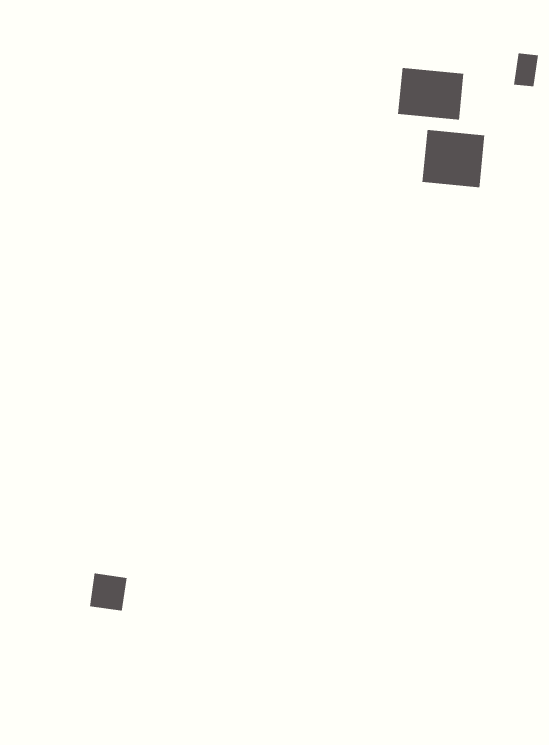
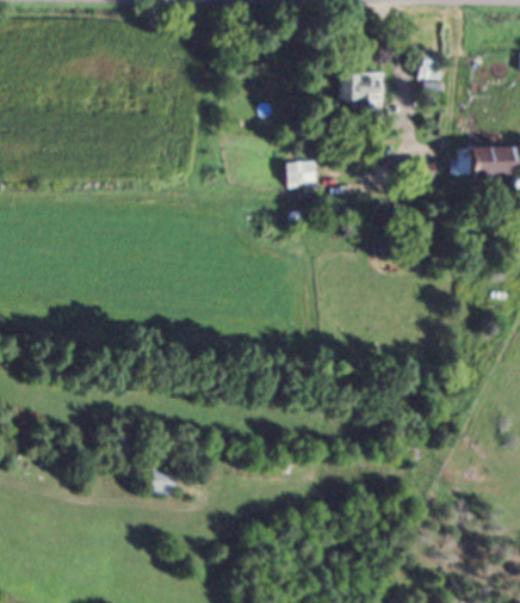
building: [422,129,485,188] -> none
building: none -> [286,161,316,185]

